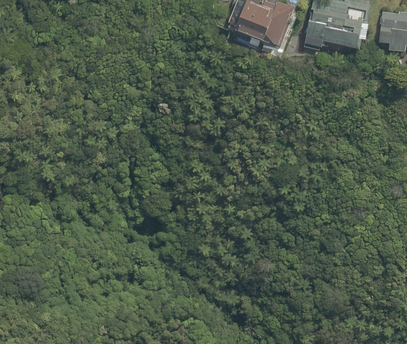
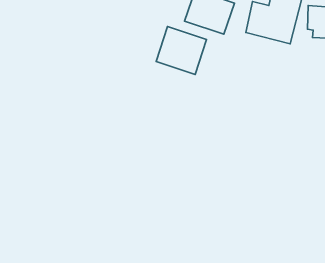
building: none -> [156,27,207,74]

